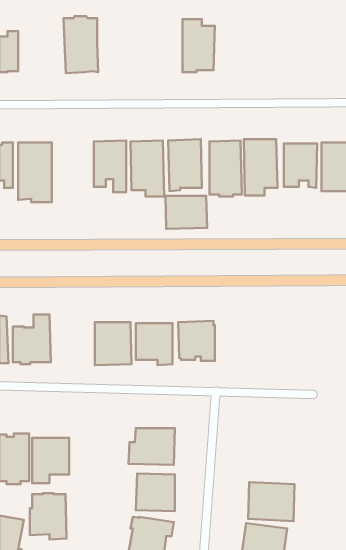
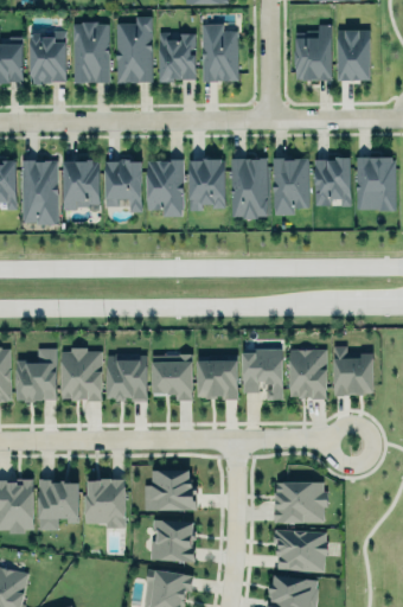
building: none -> [119,15,153,82]
building: none -> [298,24,333,78]
building: none -> [338,30,371,79]
building: none -> [31,31,66,82]
building: none -> [159,34,197,83]
building: none -> [64,158,101,209]
building: [165,196,207,229] -> none
building: none -> [334,346,373,395]
building: none -> [62,347,103,401]
building: none -> [243,349,283,400]
building: none -> [290,349,327,398]
building: none -> [275,484,326,525]
building: [30,493,67,540] -> [85,478,126,529]

